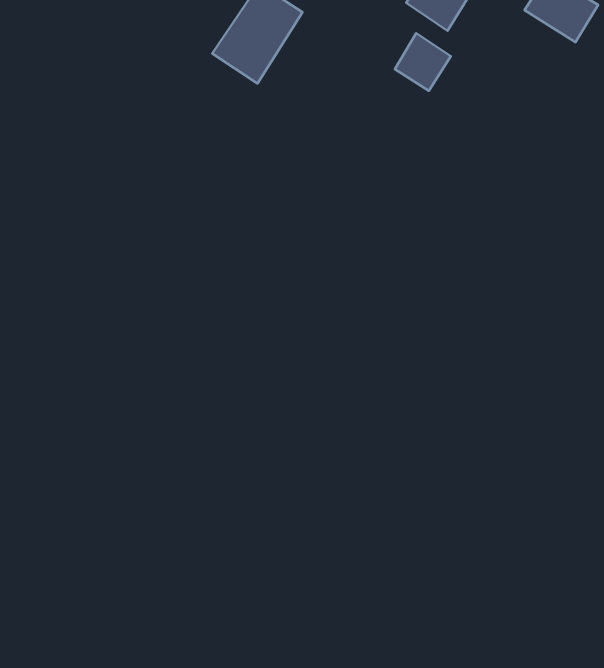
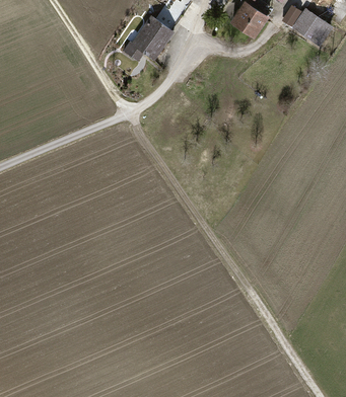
building: [395,33,451,91] -> none

